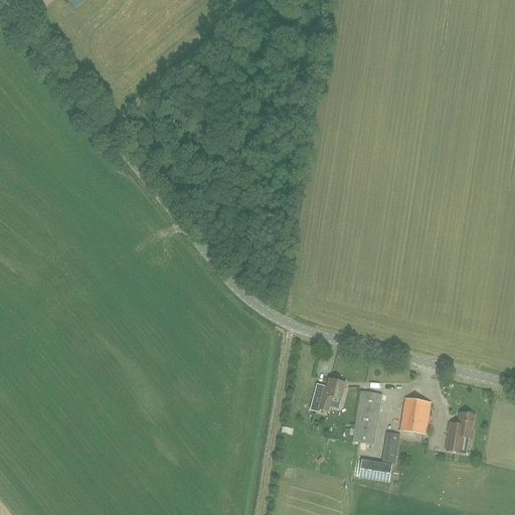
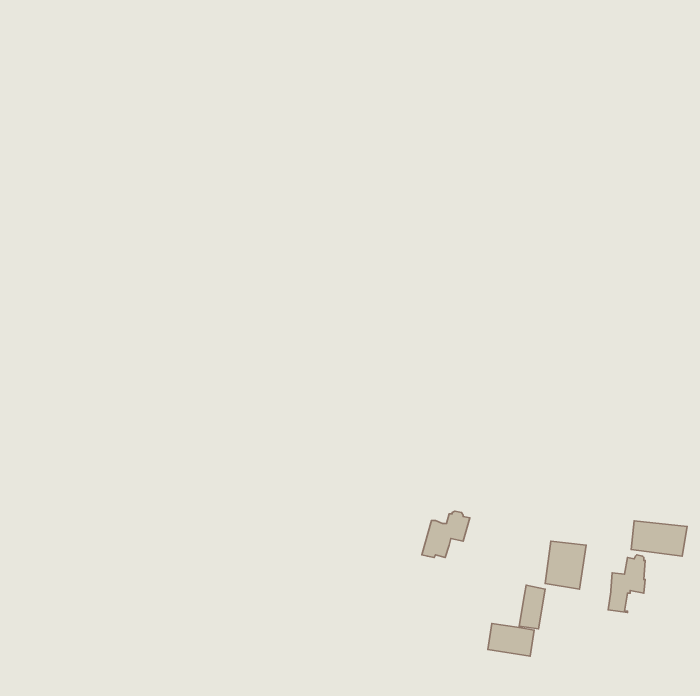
building: none -> [631,521,687,556]
building: [353,389,382,443] -> none

